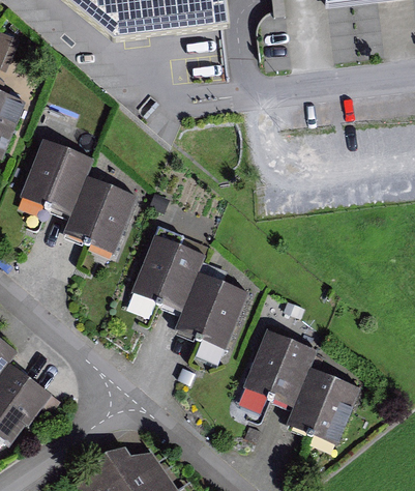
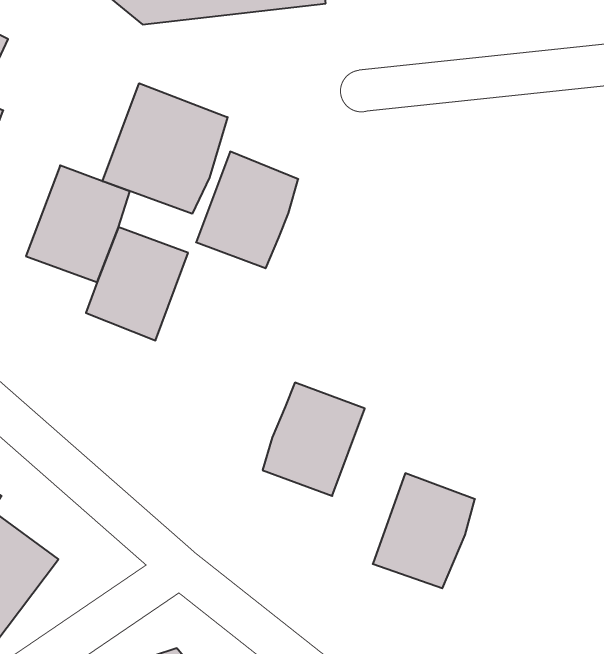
building: none -> [102,83,228,214]
building: [141,233,206,308] -> [196,152,298,268]
building: [287,370,353,441] -> none

